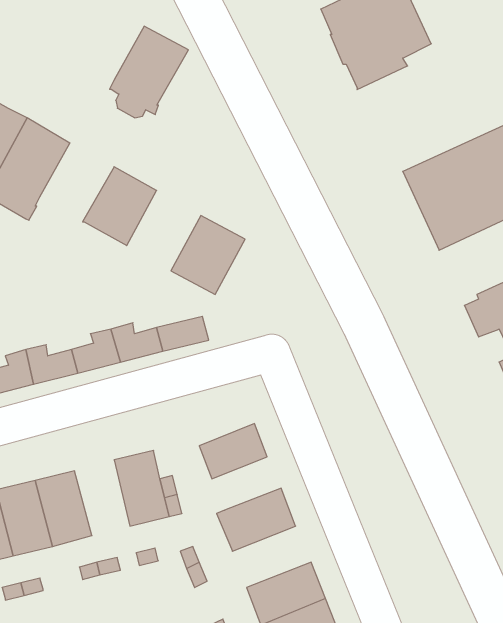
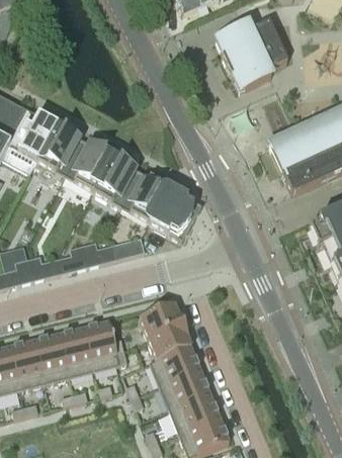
building: [110,26,188,118] -> [34,124,85,183]
building: none -> [93,155,141,206]
building: none -> [150,186,202,240]
building: none -> [148,326,192,360]
building: none -> [60,328,95,376]
building: none -> [161,370,211,409]

